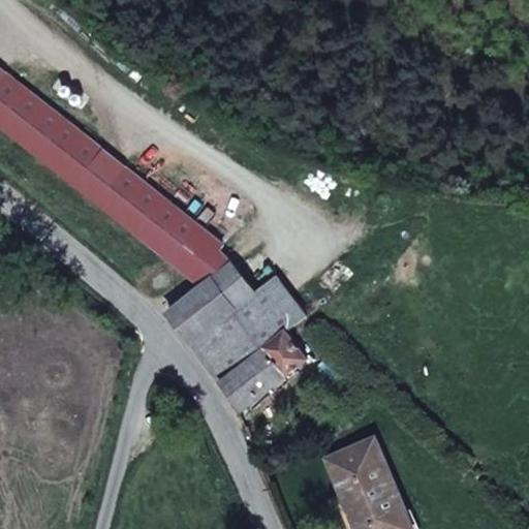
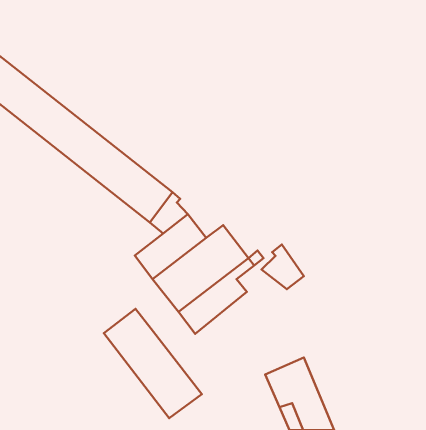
building: none -> [261,244,304,289]
building: none -> [104,309,202,418]

